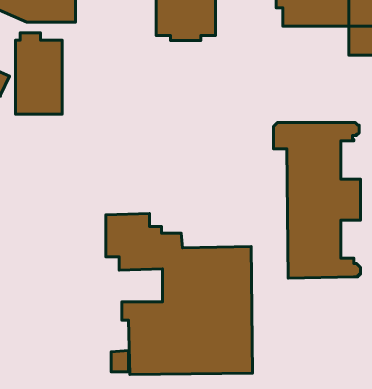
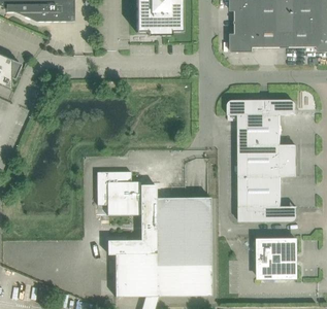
building: none -> [230,25,286,52]
building: [15,33,62,114] -> none
building: none -> [257,239,295,278]

